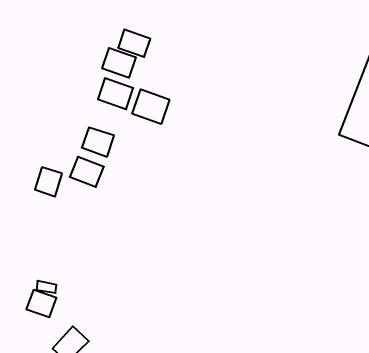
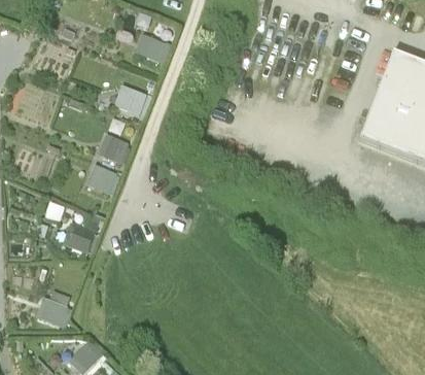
building: [102,48,136,78] -> none
building: [132,89,169,124] -> none
building: [35,167,62,197] -> [66,223,94,252]

